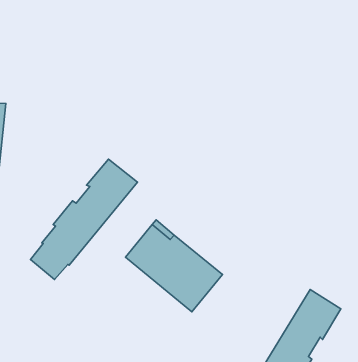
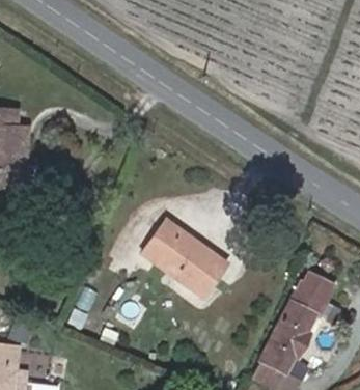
building: [31,159,138,280] -> none

